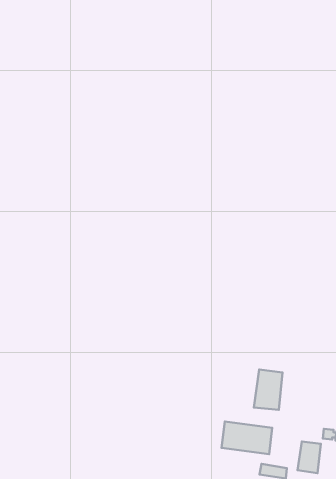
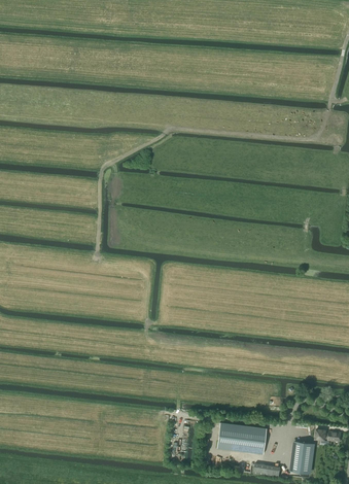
building: [254,369,283,410] -> none

